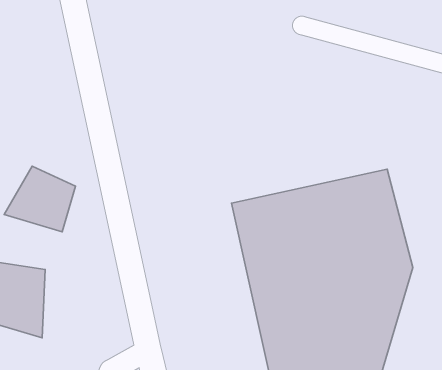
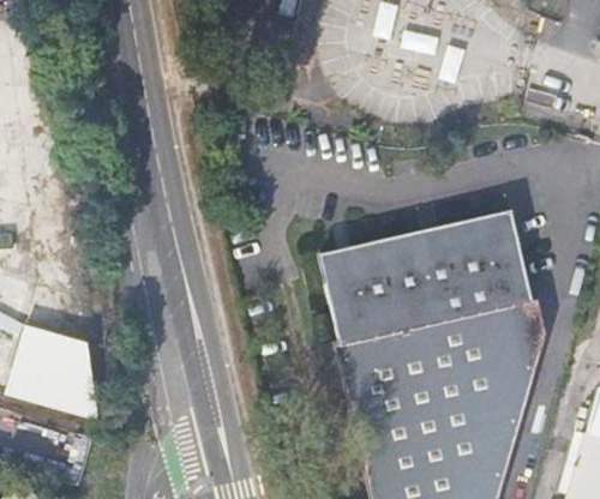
building: [4,166,75,232] -> none

